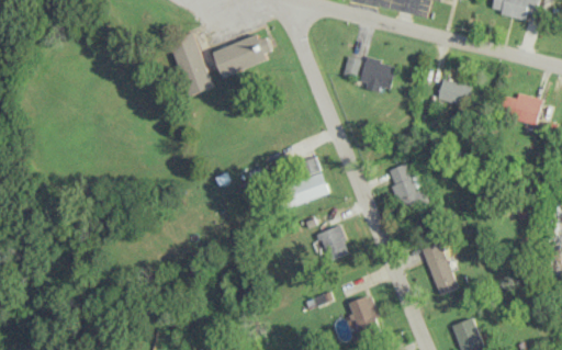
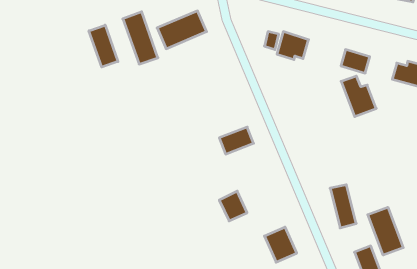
building: none -> [89,25,118,67]
building: [386,163,429,213] -> [341,76,376,117]
building: [316,224,350,260] -> [219,191,247,221]
building: none -> [368,207,403,255]

